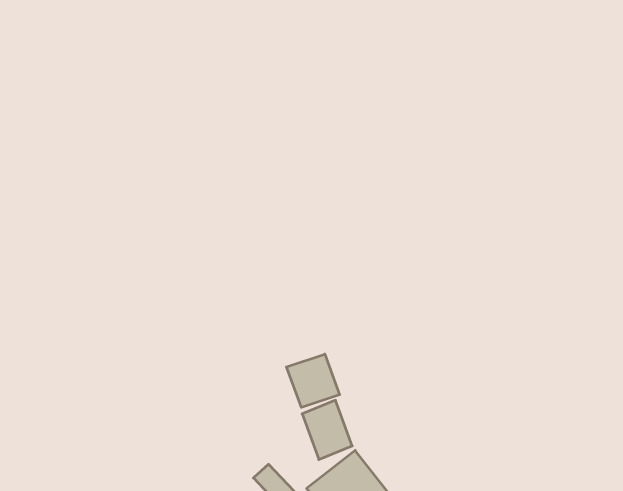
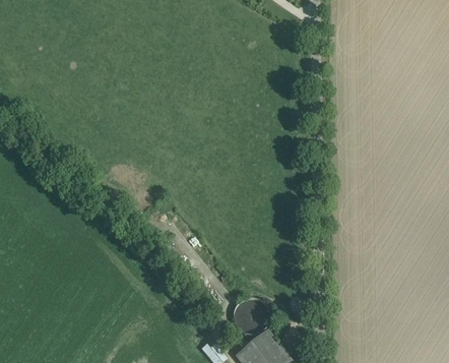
building: [286,354,340,407] -> none

